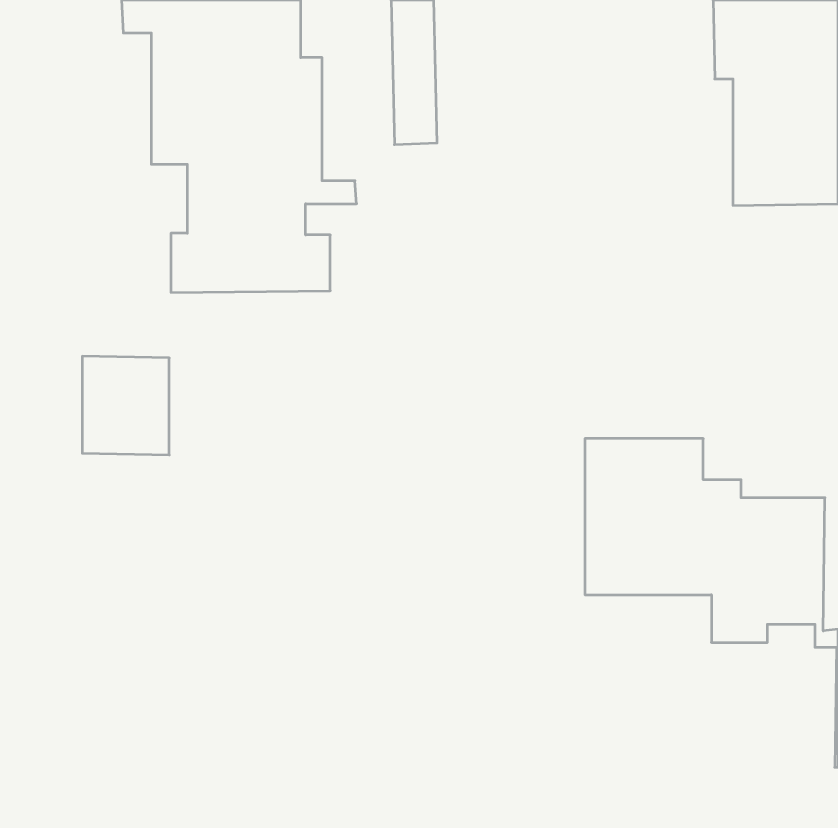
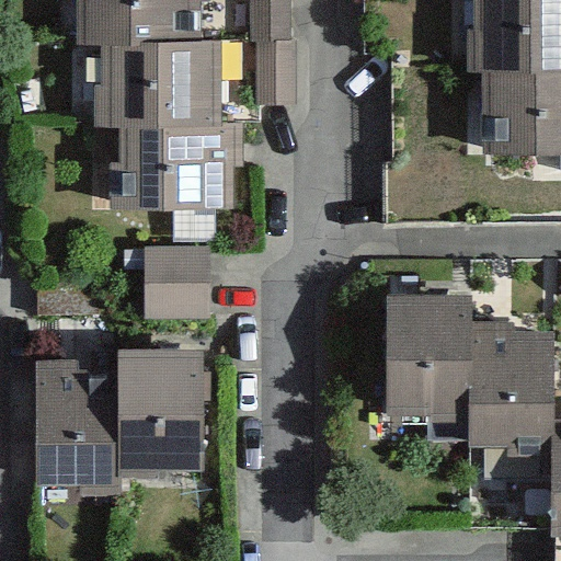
building: [82,356,169,455] -> [147,251,205,317]
building: none -> [36,353,195,488]

